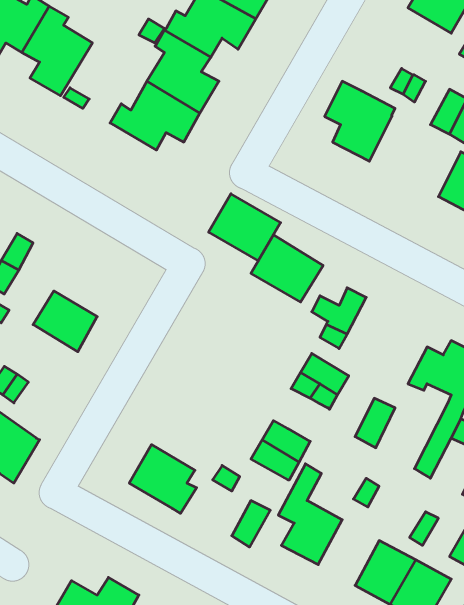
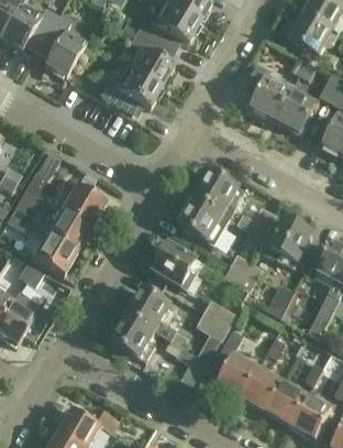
building: none -> [290,15,333,56]
building: none -> [277,90,317,133]
building: [209,194,281,261] -> [180,198,230,244]
building: none -> [60,185,106,228]
building: none -> [258,220,312,269]
building: none -> [33,234,77,276]
building: none -> [154,244,203,291]
building: none -> [128,289,178,334]
building: none -> [242,368,284,413]

